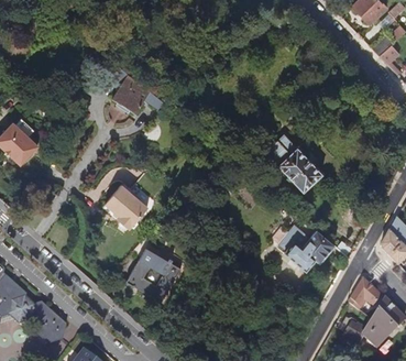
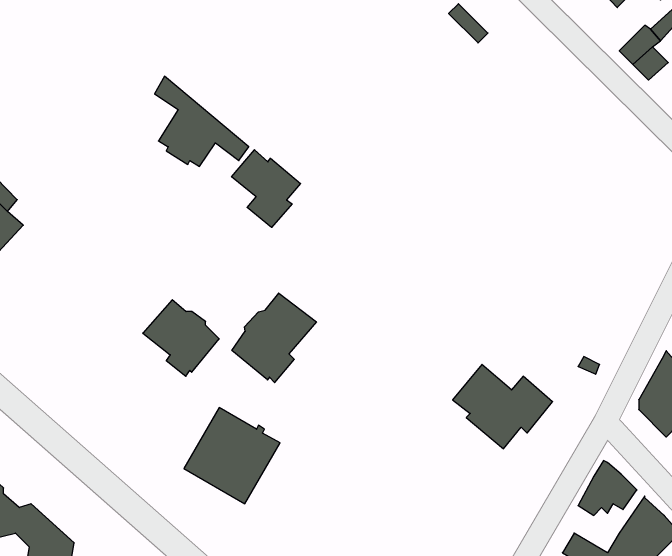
building: none -> [232,150,301,227]
building: [266,139,321,192] -> none
building: none -> [232,293,316,383]

